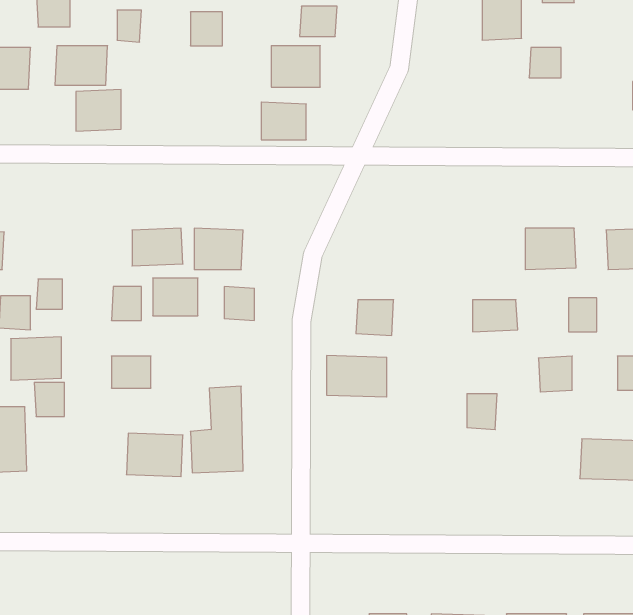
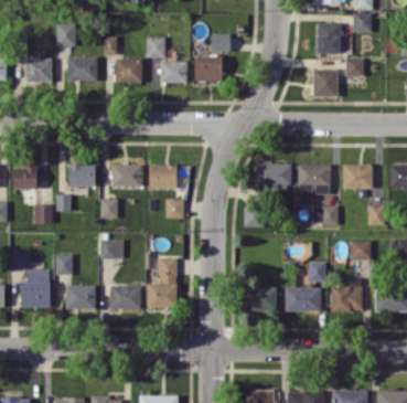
building: none -> [312,70,336,96]
building: [76,90,121,131] -> [115,59,141,83]
building: [261,102,306,140] -> [160,61,186,83]
building: none -> [255,163,291,187]
building: none -> [297,163,329,204]
building: [153,278,198,316] -> [68,165,95,187]
building: [11,337,61,380] -> [65,285,95,310]
building: [327,356,387,397] -> [240,287,276,311]
building: none -> [330,278,362,311]
building: none -> [283,287,321,312]

